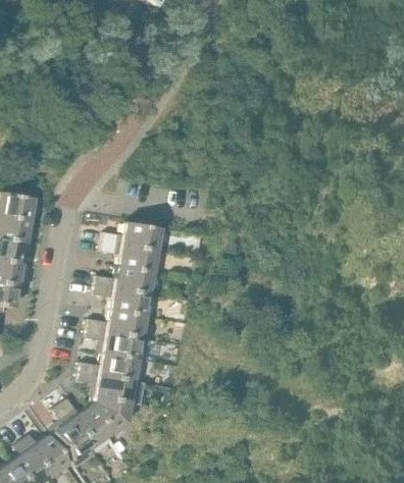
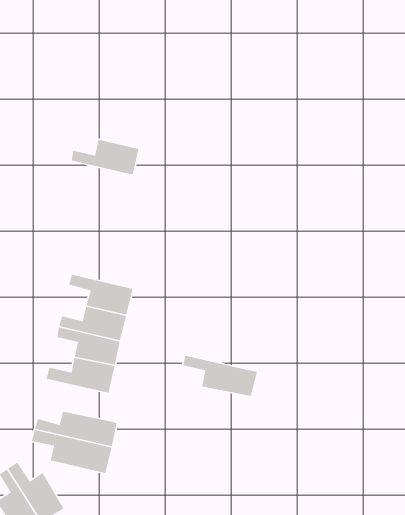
building: [104,222,160,251] -> [71,139,140,175]
building: [87,329,149,361] -> [183,355,258,397]
building: [90,396,136,435] -> none

